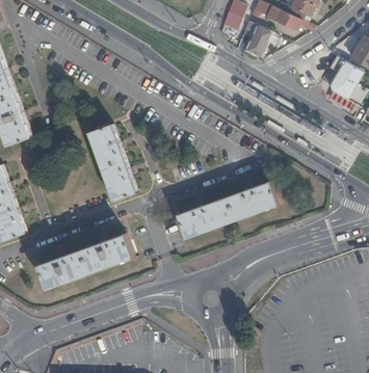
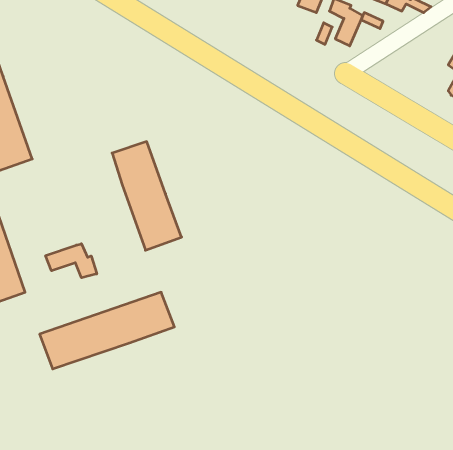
building: [177,181,278,238] -> none
building: none -> [46,244,97,278]

